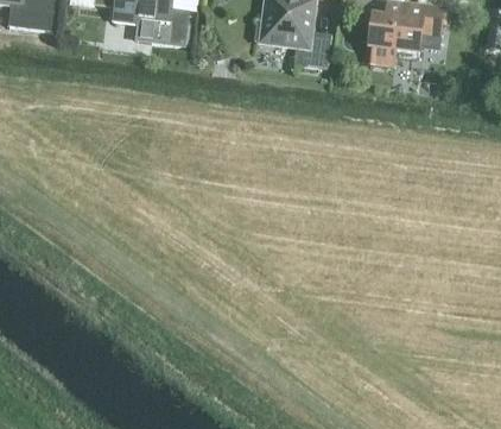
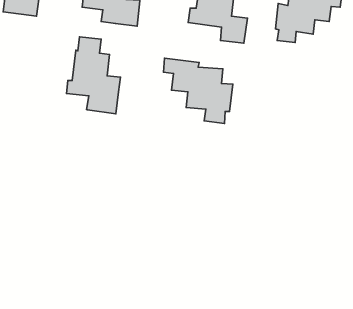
building: none -> [67,37,120,114]
building: none -> [163,58,233,123]

